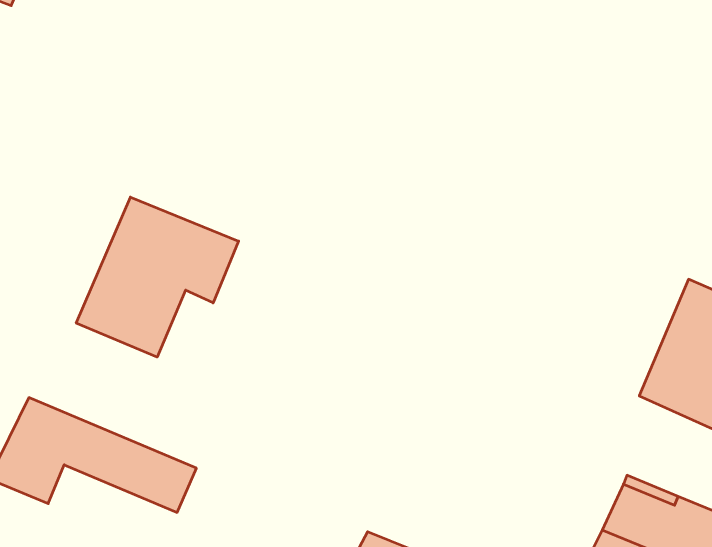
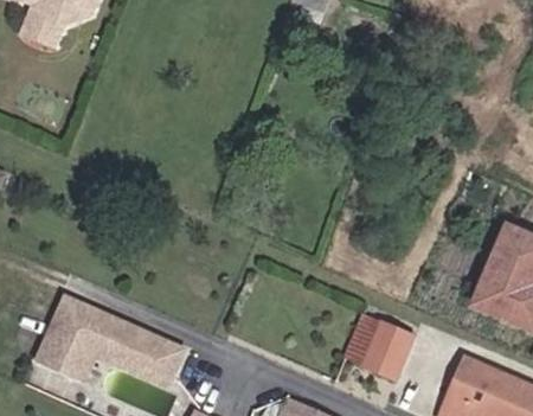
building: [76,197,239,357] -> none
building: none -> [345,314,411,376]

